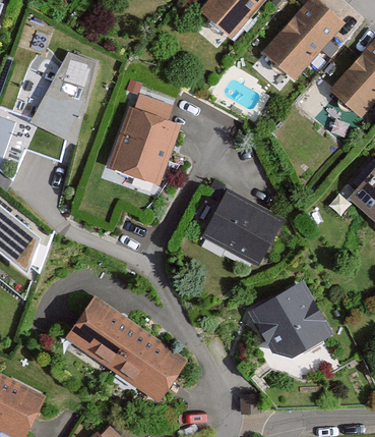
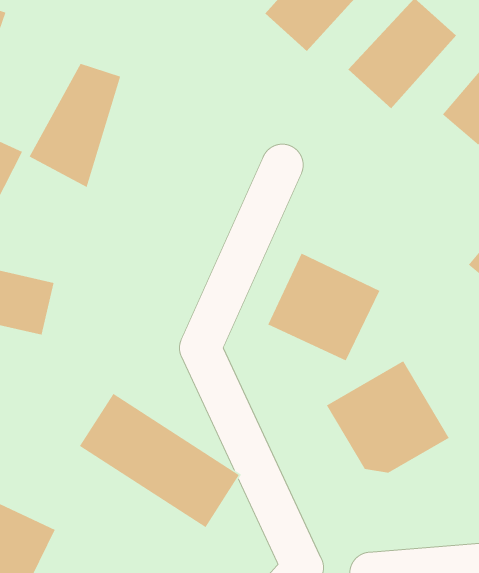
building: [106,104,187,188] -> none

